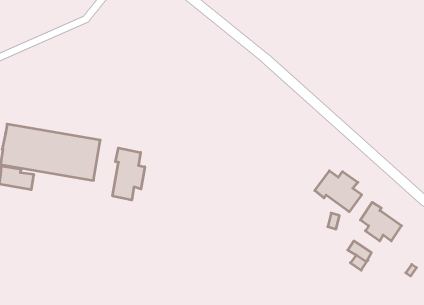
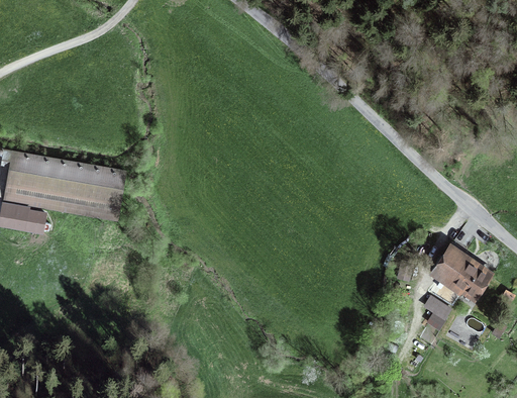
building: [113,148,145,200] -> none
building: [315,171,362,212] -> none

